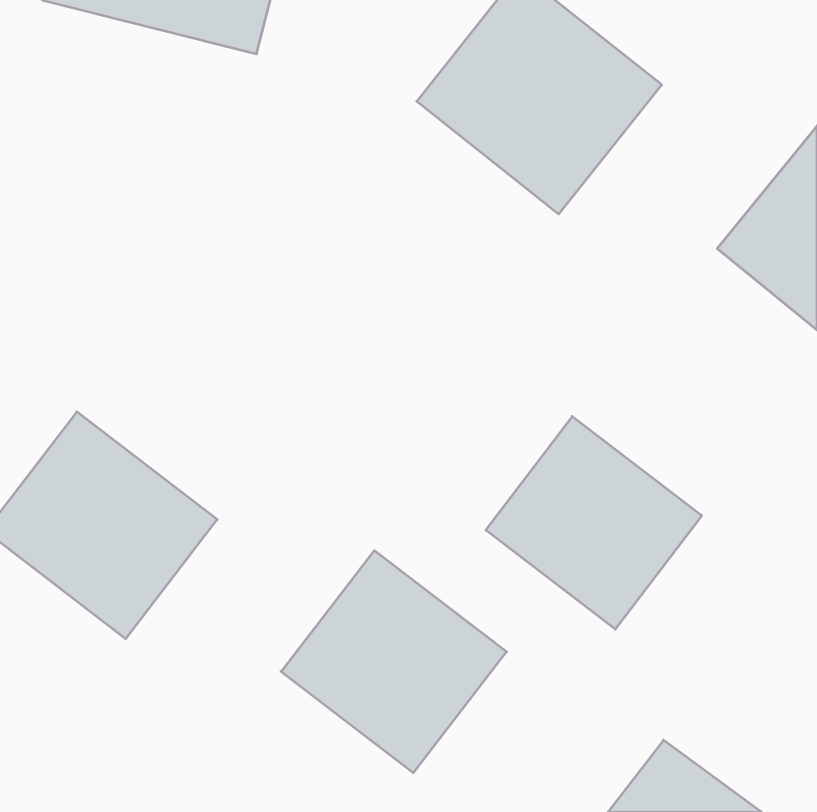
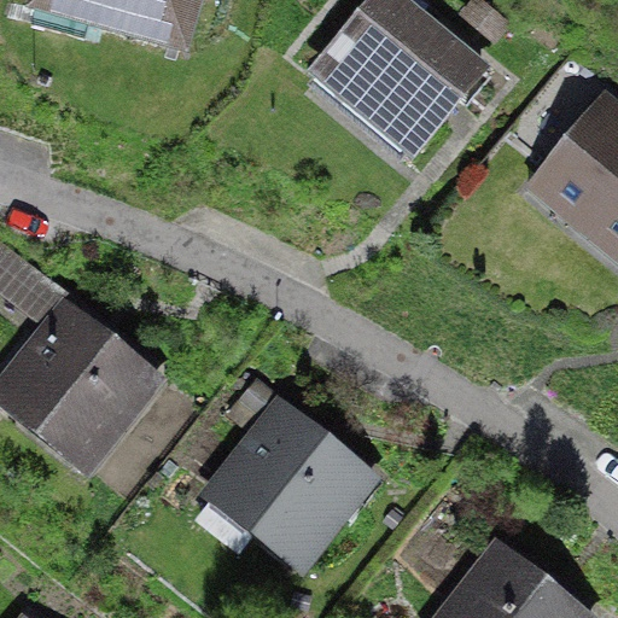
building: [486,416,702,629] -> none

